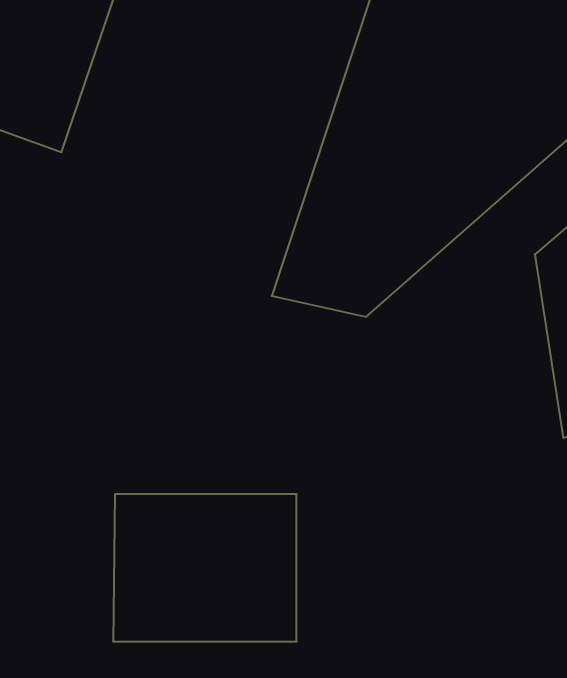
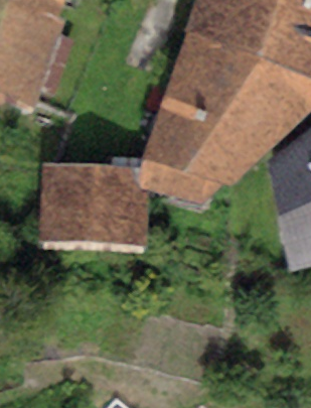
building: [113,494,297,642] -> [40,173,138,252]

